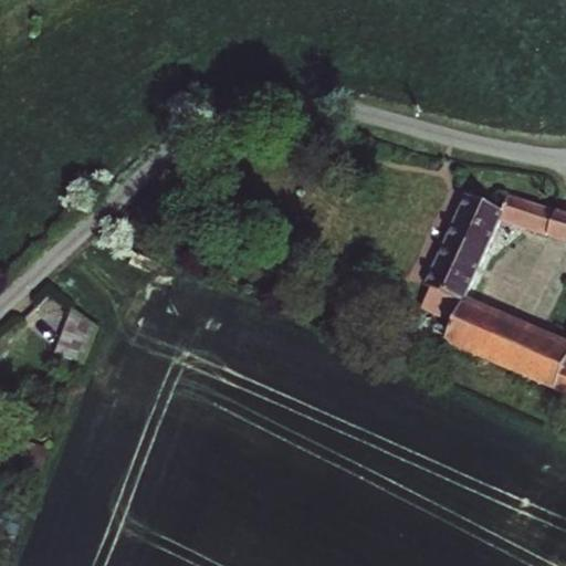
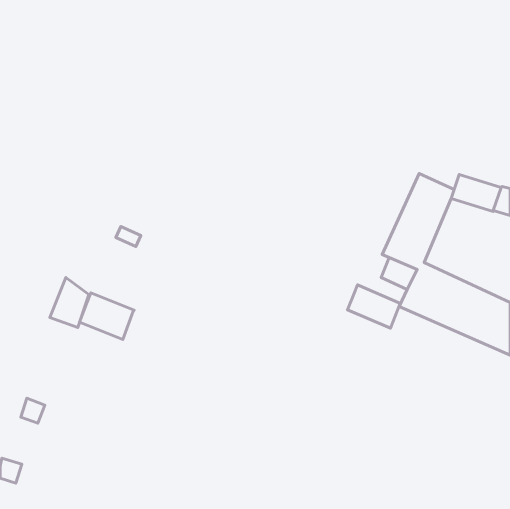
building: none -> [348,285,401,328]
building: none -> [80,293,134,340]

